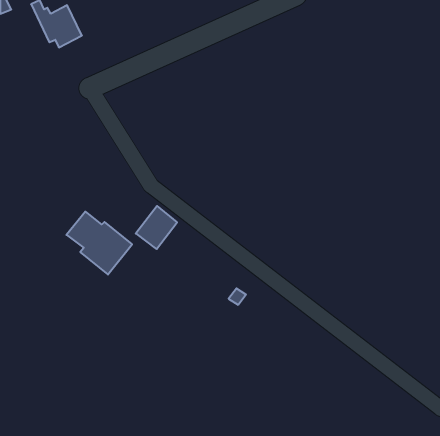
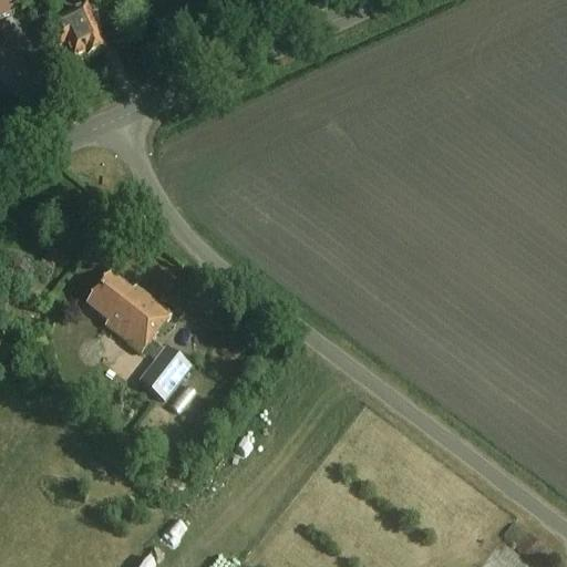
building: [136,206,177,249] -> [138,341,192,396]

